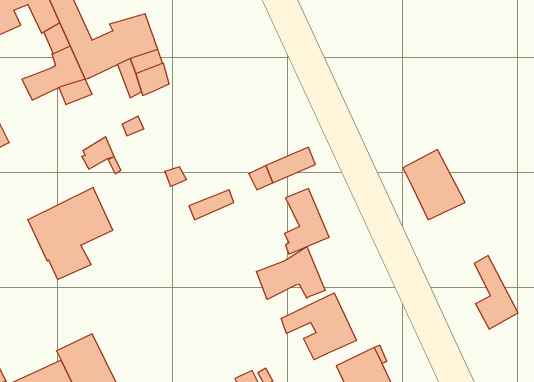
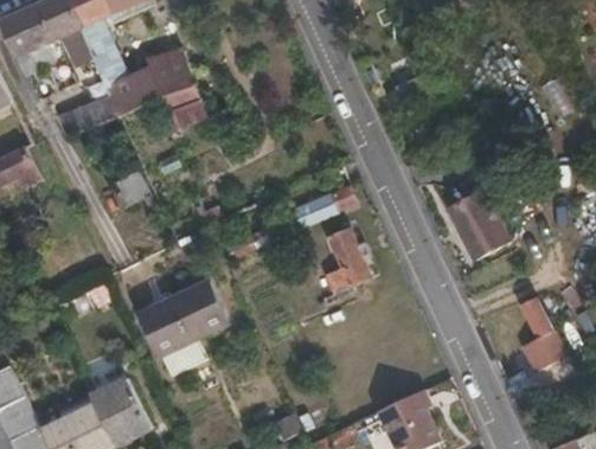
building: [28,187,113,280] -> [139,280,226,374]
building: [256,247,325,299] -> none
building: [281,293,357,360] -> none

